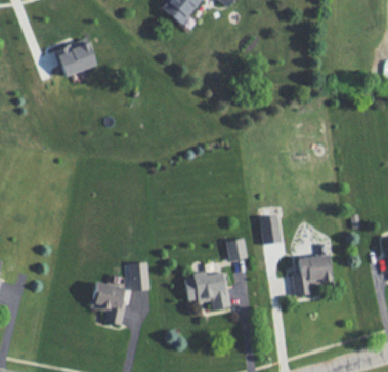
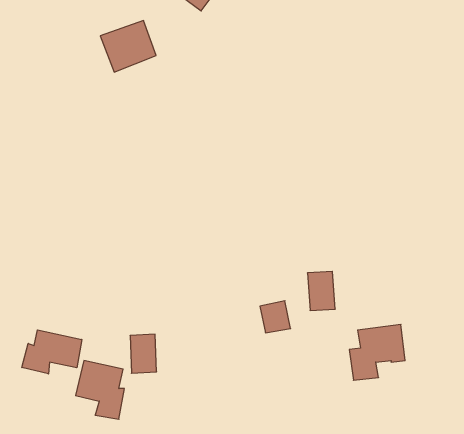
building: [55,38,96,76] -> [100,21,156,72]
building: none -> [22,330,82,374]
building: [184,271,231,309] -> none

